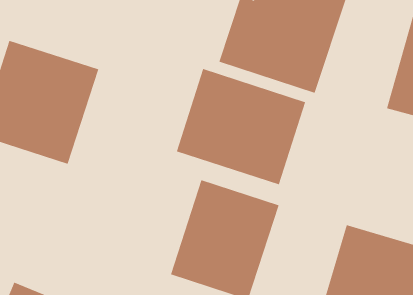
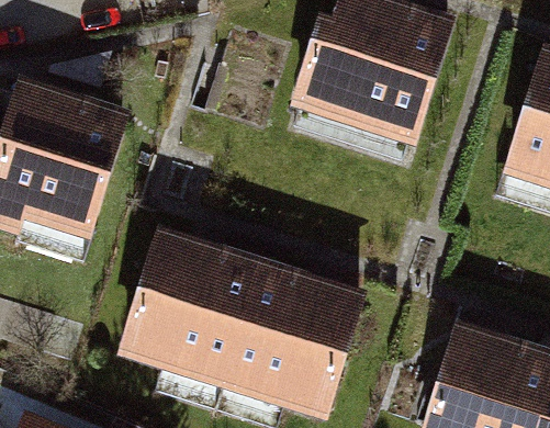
building: [176,68,306,185] -> none
building: none -> [117,235,265,395]

